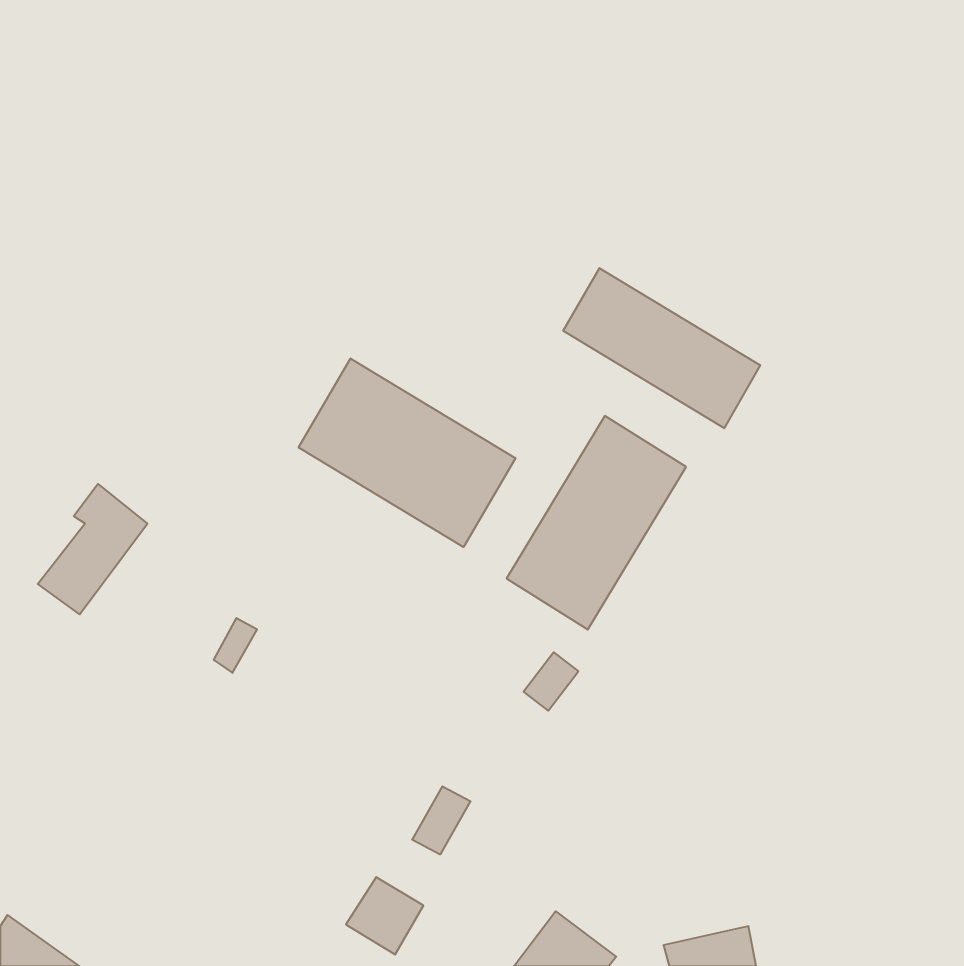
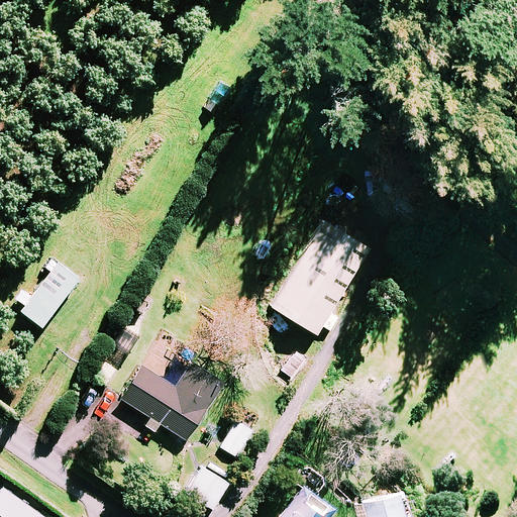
building: [563,268,760,428] -> none
building: [299,358,515,547] -> none
building: none -> [121,332,220,440]

